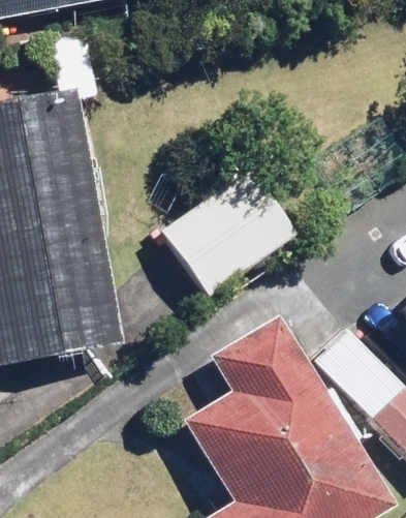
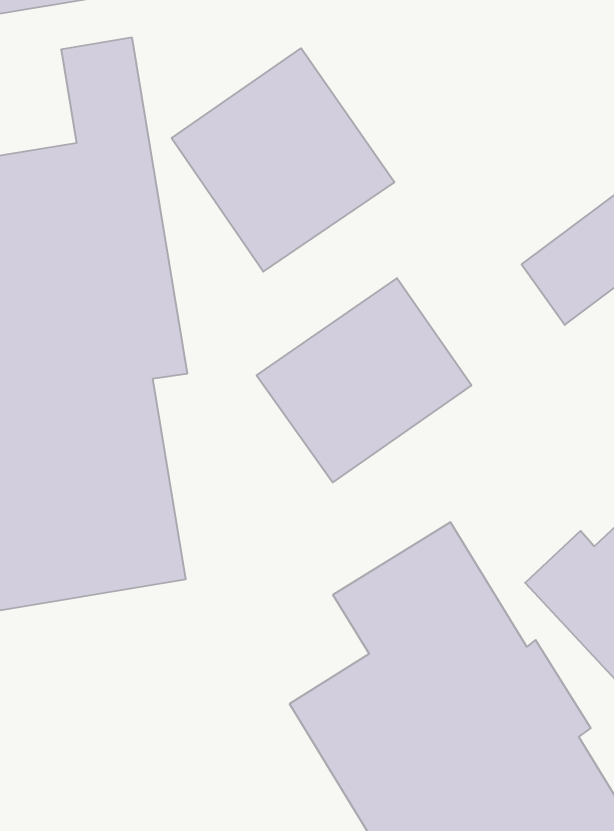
building: none -> [172,48,394,272]

